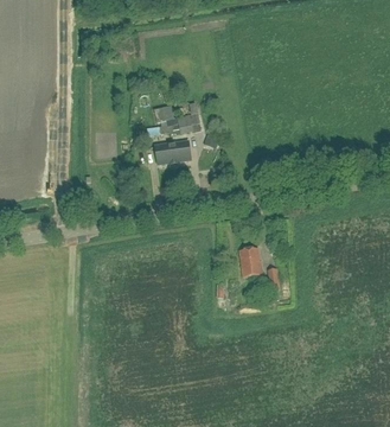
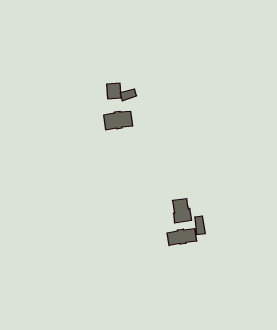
building: none -> [167,229,197,246]

